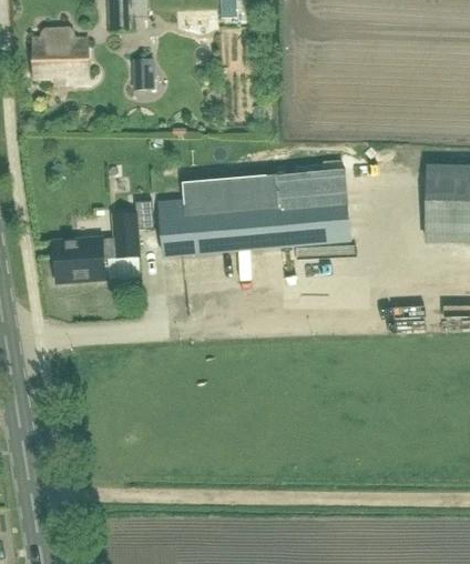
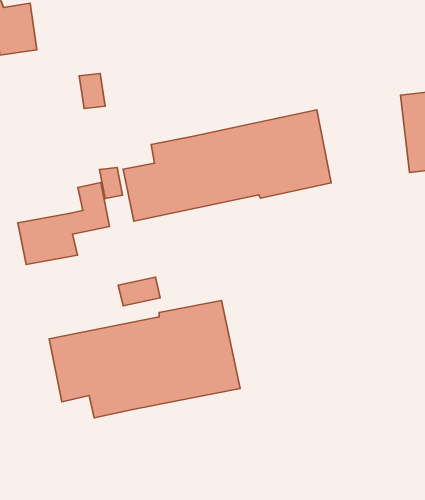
building: [133,59,154,90] -> [79,73,105,108]
building: [103,255,141,279] -> [118,277,160,306]
building: none -> [49,301,240,418]

